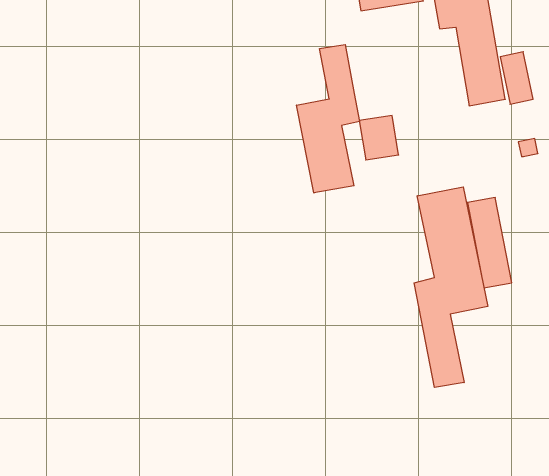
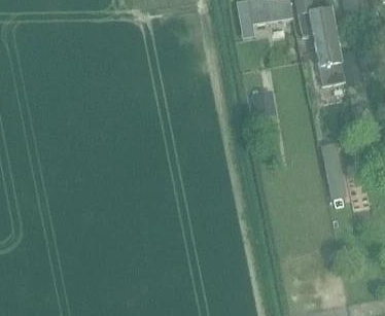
building: [297,45,359,193] -> none
building: [414,187,488,387] -> none

